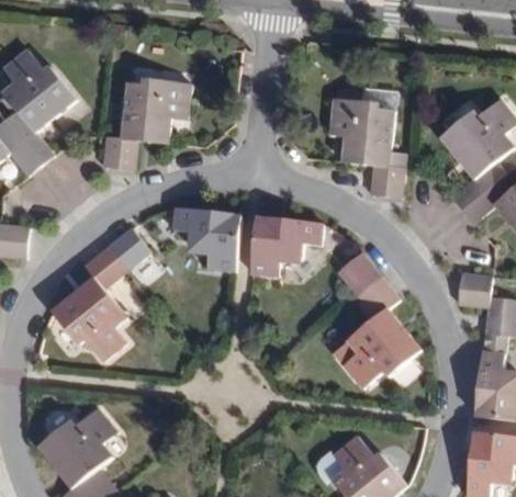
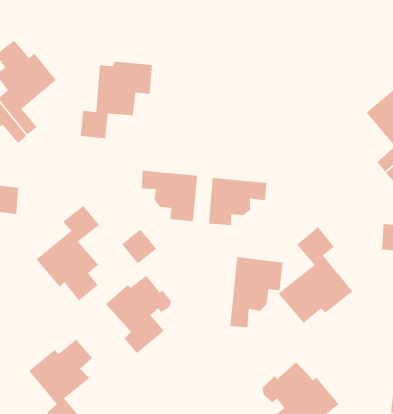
building: [326,87,401,195] -> none
building: [104,229,147,272] -> [121,229,157,265]
building: [337,249,383,295] -> none
building: none -> [230,256,284,328]
building: none -> [105,275,172,354]

